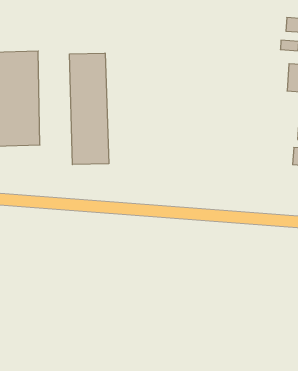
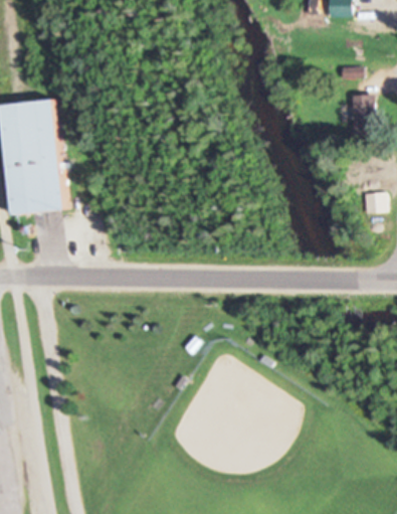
building: [70,53,109,165] -> none

